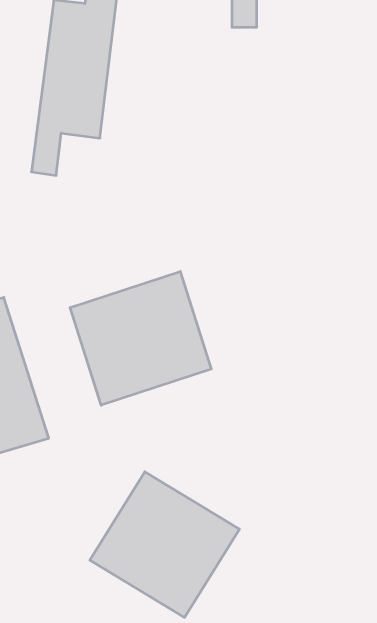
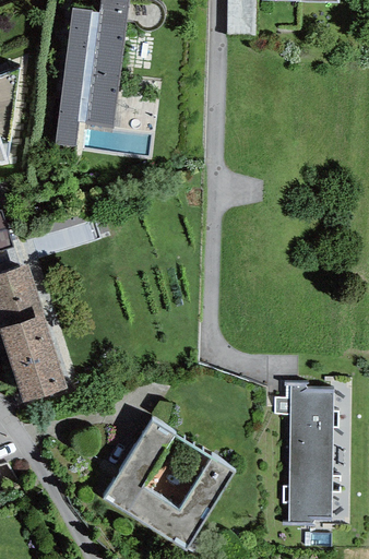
building: [70,271,211,405] -> none
building: none -> [274,380,340,523]

